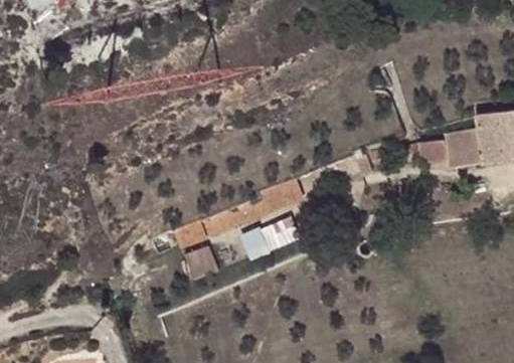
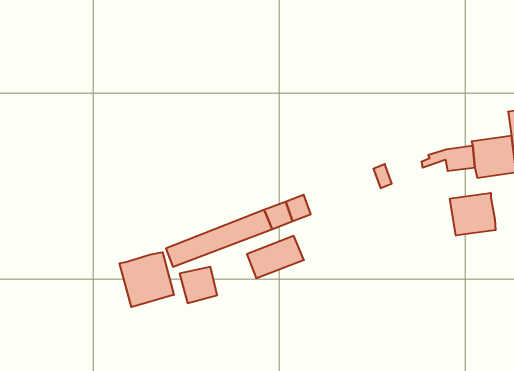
building: none -> [450,193,496,236]
building: none -> [120,252,174,307]

